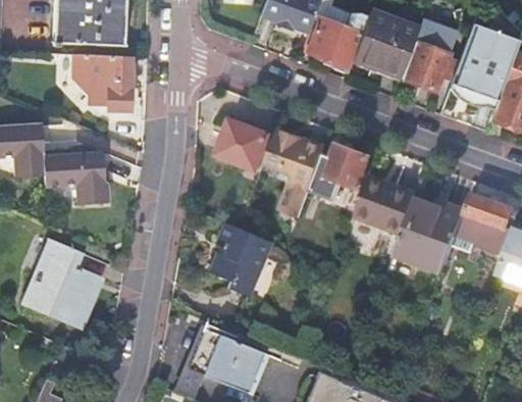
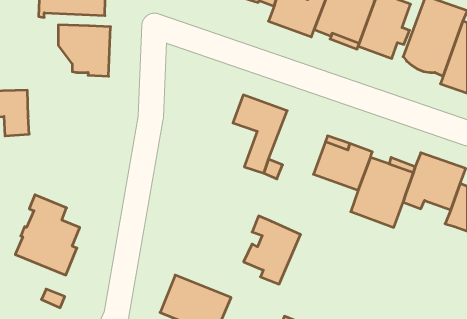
building: [217,120,270,170] -> none
building: [326,145,369,187] -> none
building: [42,152,104,201] -> none
building: [211,222,273,297] -> [244,216,301,284]

